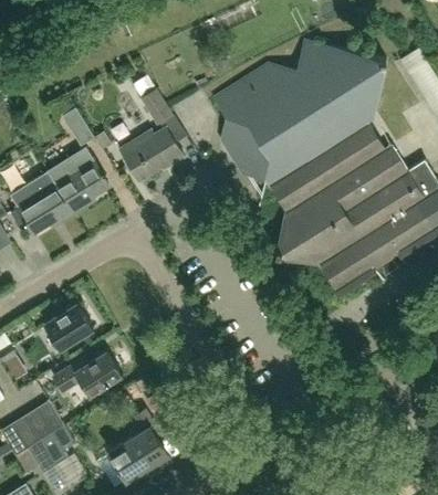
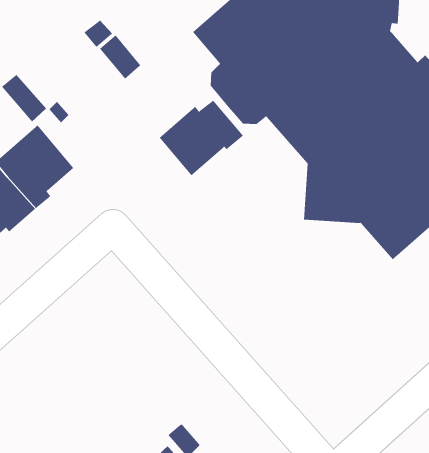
building: [118,126,184,181] -> [159,100,244,176]
building: [43,304,92,349] -> none
building: [52,350,122,396] -> none

